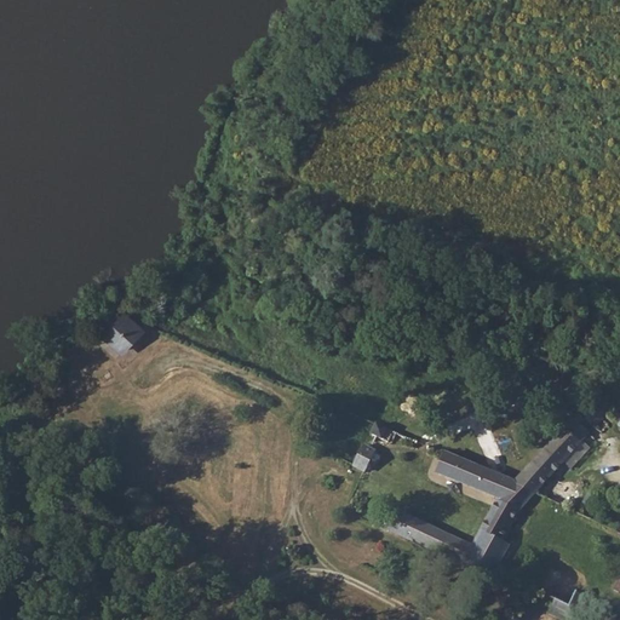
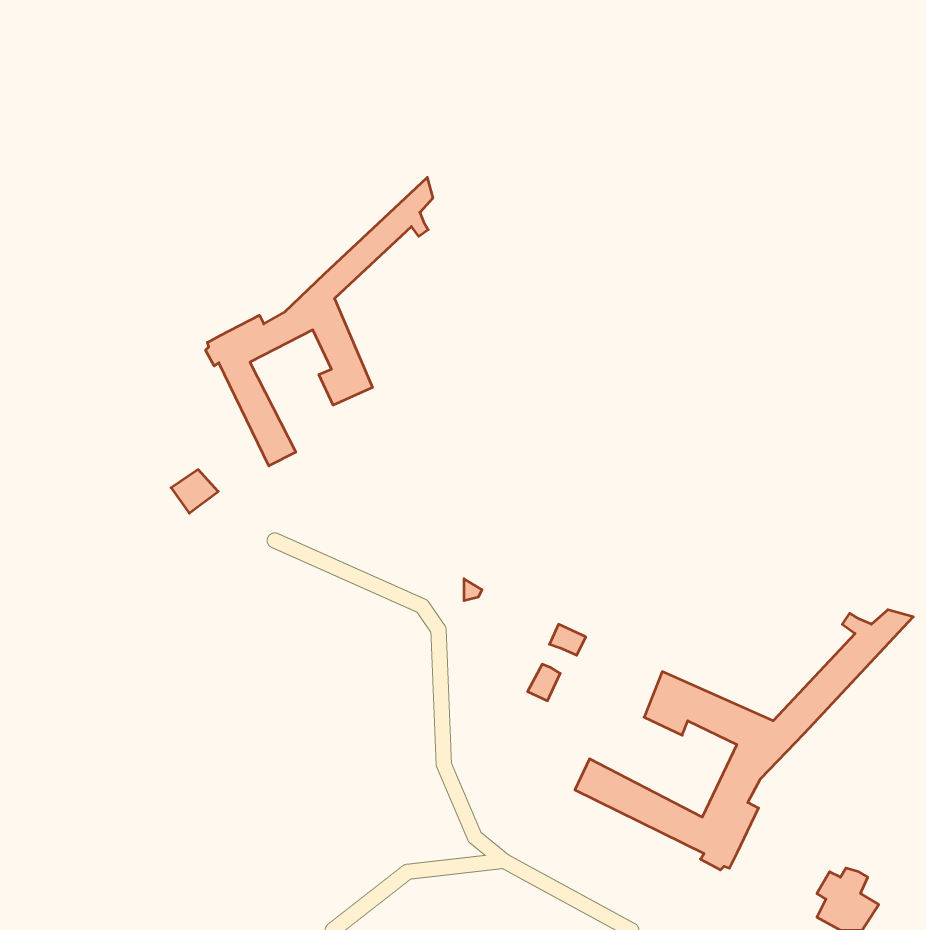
building: none -> [206,177,433,466]

